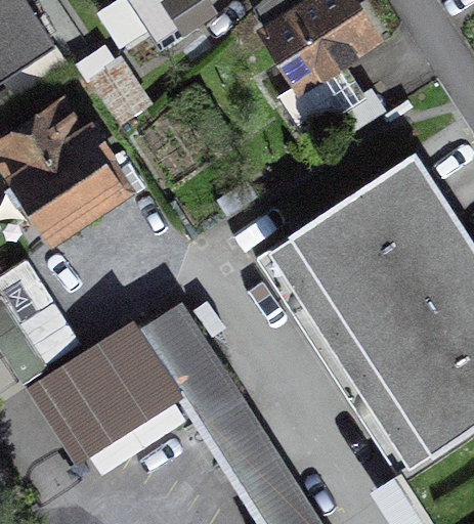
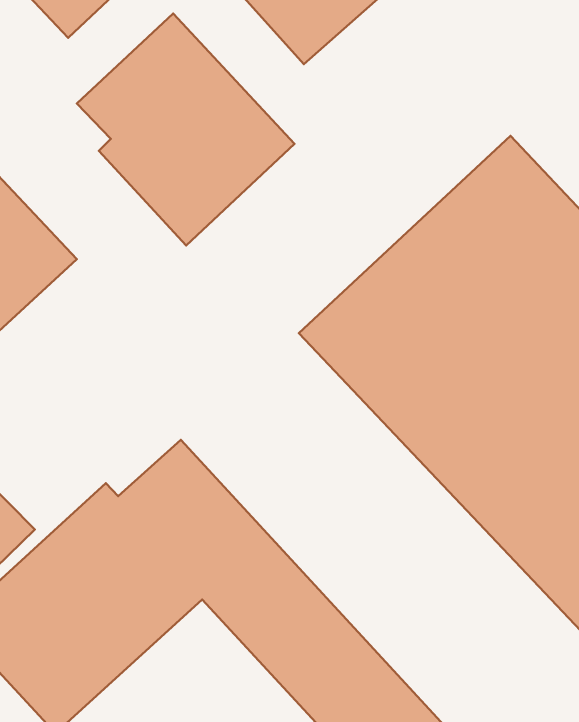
building: none -> [77,14,295,245]

